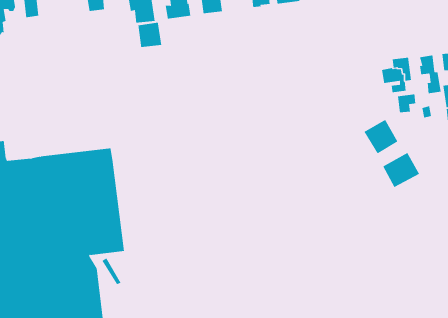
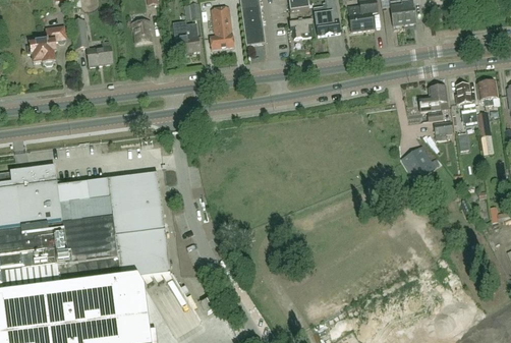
building: none -> [88,40,113,65]
building: [138,22,162,48] -> none
building: [382,152,420,188] -> none

